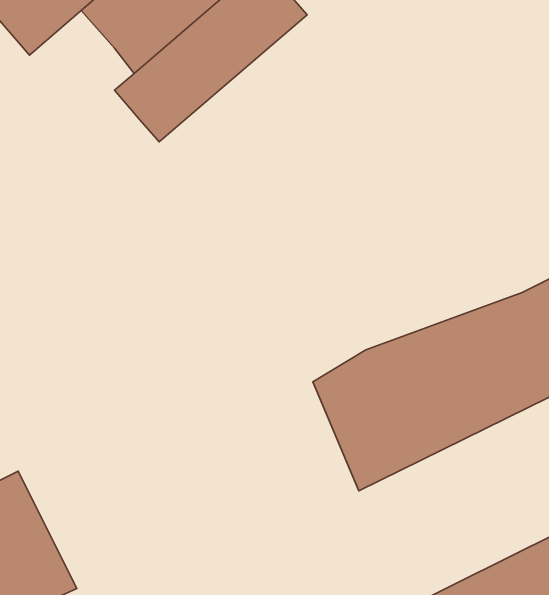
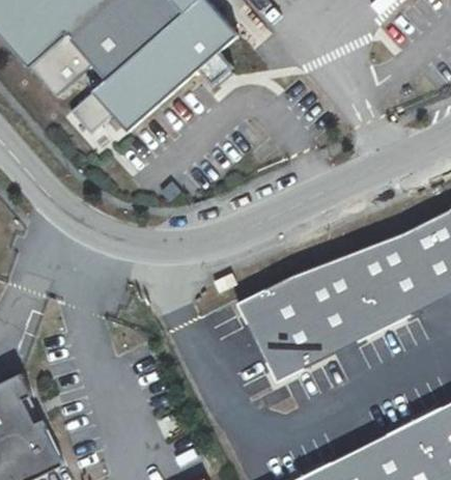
building: none -> [28,31,91,92]
building: none -> [68,90,110,131]

